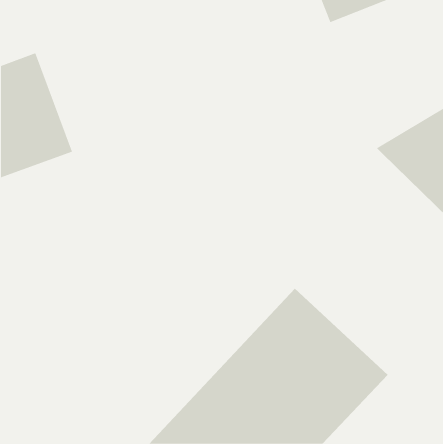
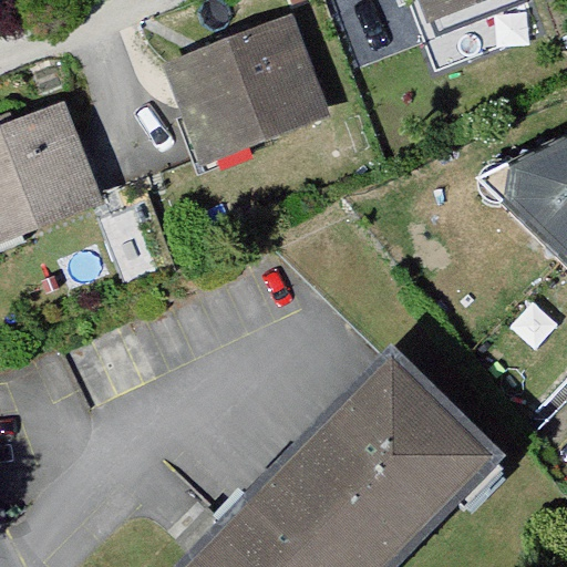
building: none -> [158,10,333,169]

